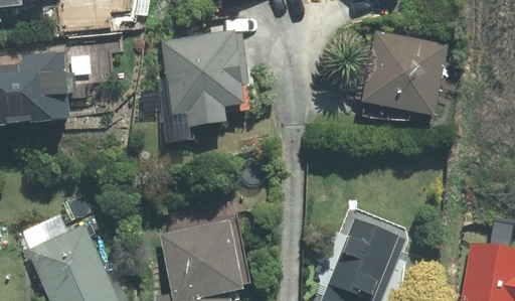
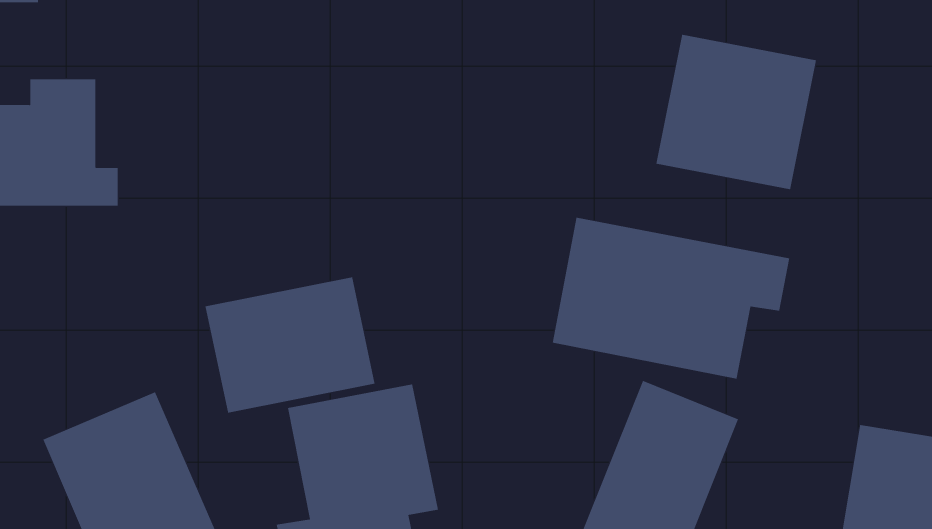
building: [161,28,249,125] -> none
building: none -> [552,217,790,380]
building: none -> [205,276,375,414]

